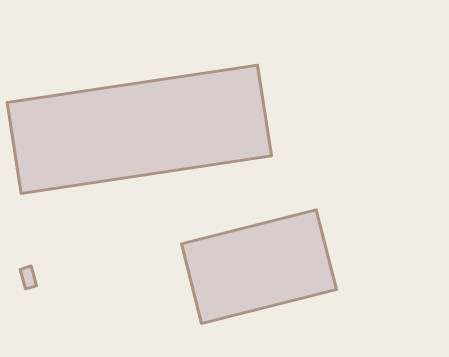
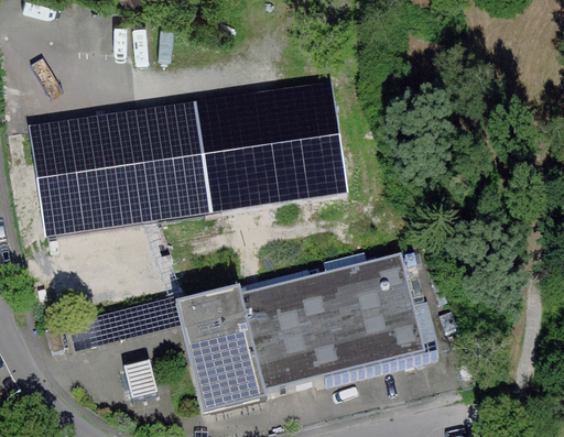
building: none -> [182,294,260,406]

